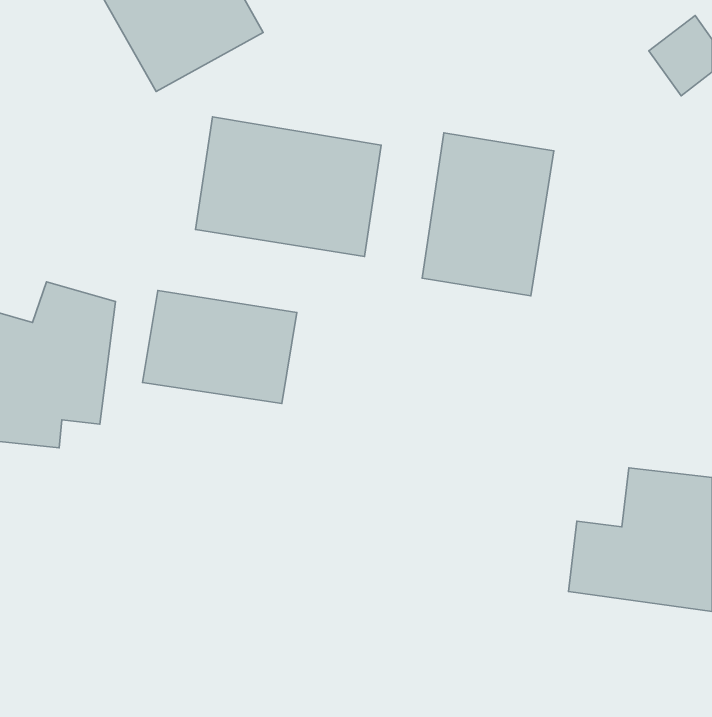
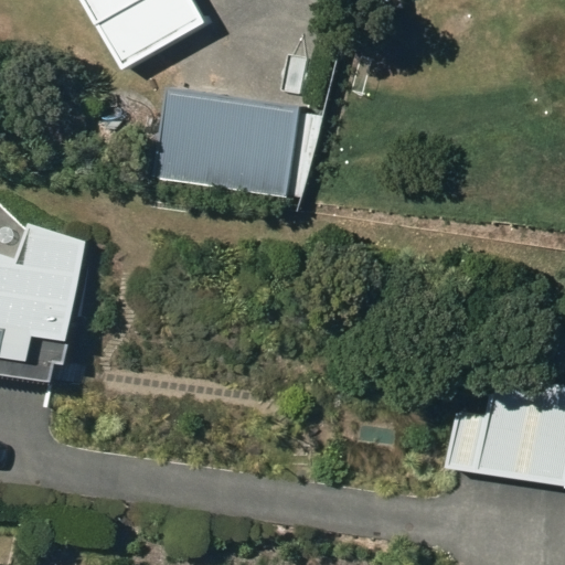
building: [422,133,554,296] -> none
building: [143,291,297,404] -> none

